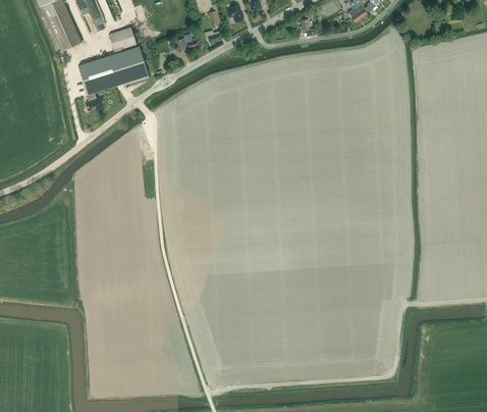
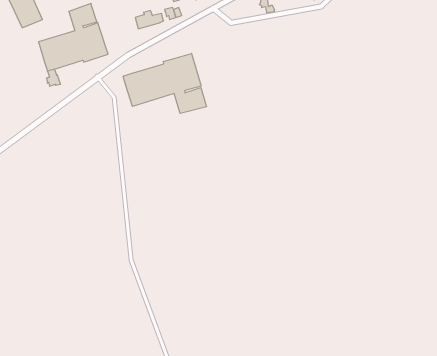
building: none -> [123,53,206,113]

